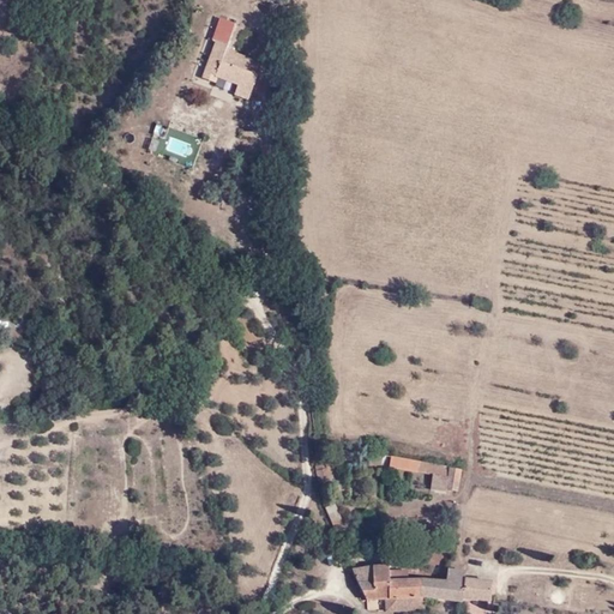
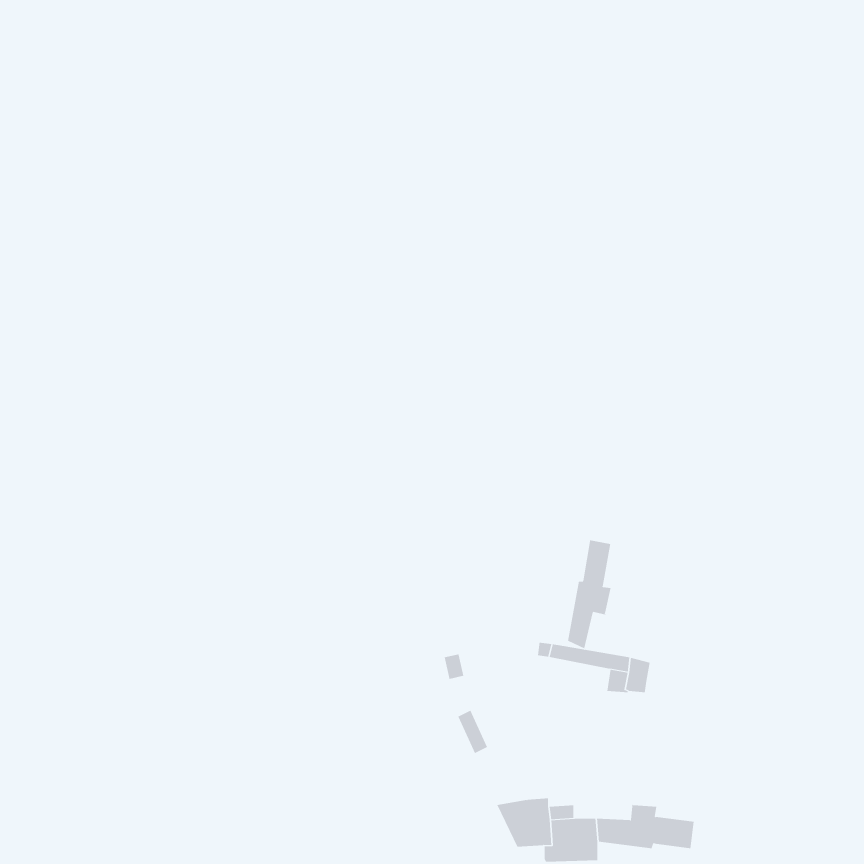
building: [203,17,258,98] -> none
building: none -> [568,540,611,649]

